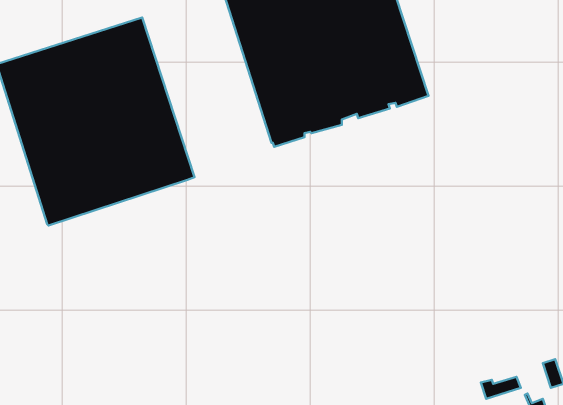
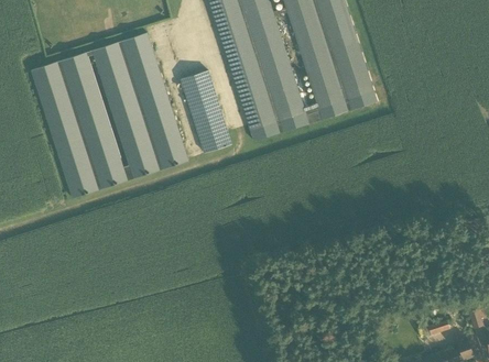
building: none -> [180,70,231,153]

